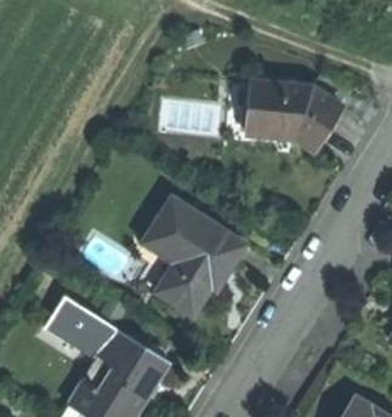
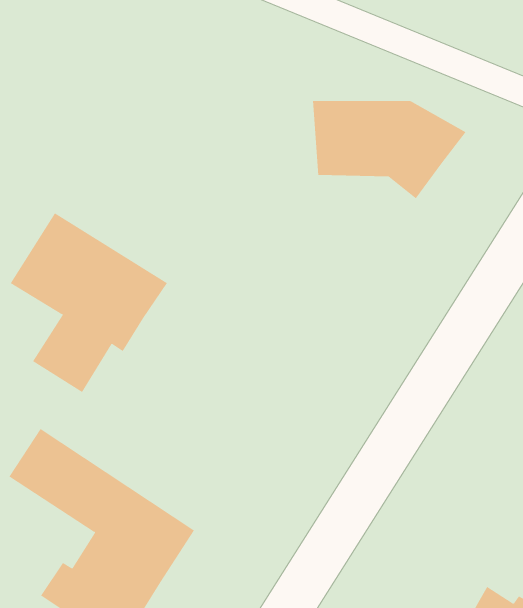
building: [142,198,245,315] -> [10,212,168,393]

